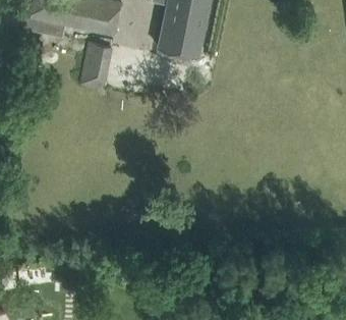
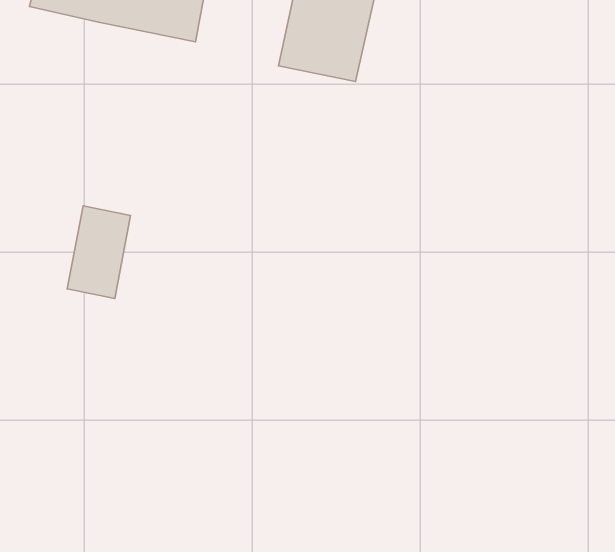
building: [82,42,115,90] -> [67,206,130,299]

